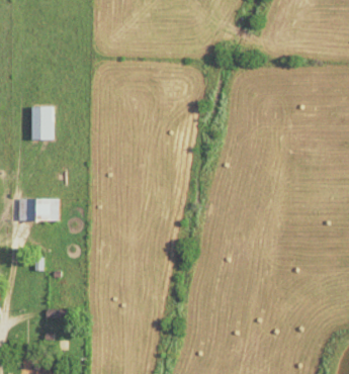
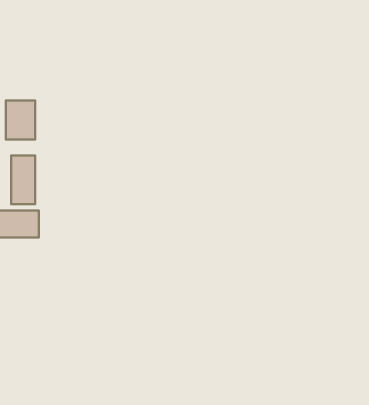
building: none -> [11,155,35,204]

